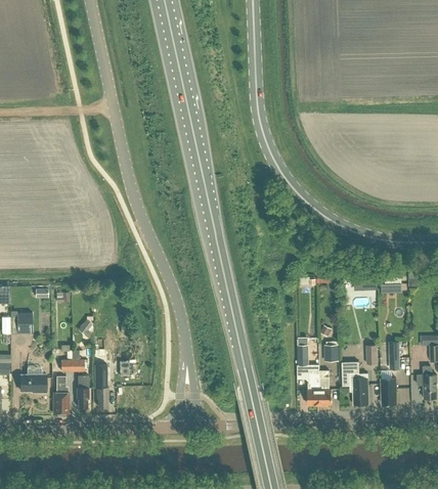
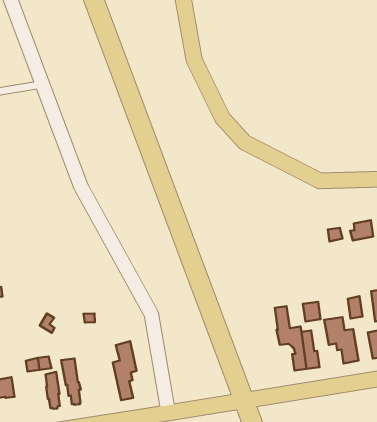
building: none -> [113,341,137,400]
building: [53,375,69,412] -> none

